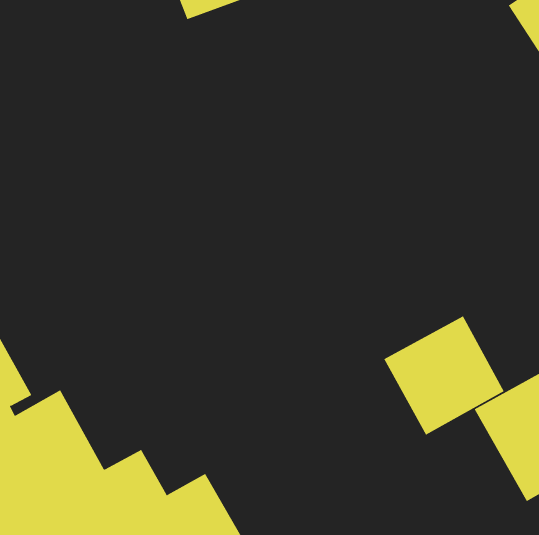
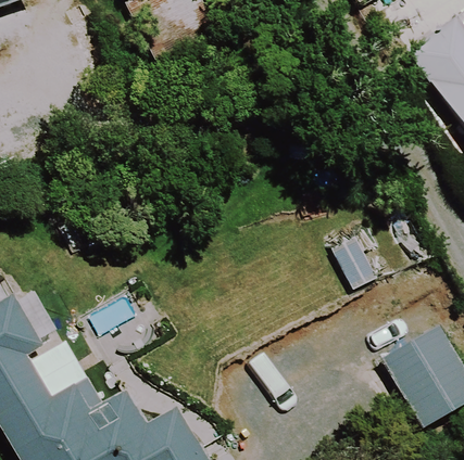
building: [383,316,505,435] -> none

